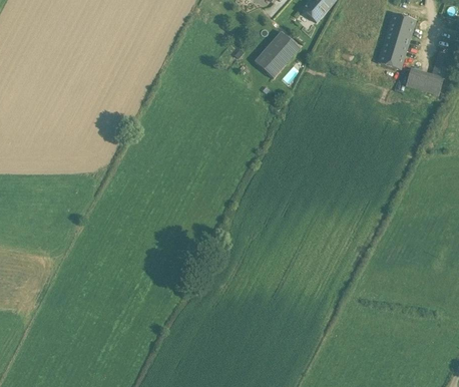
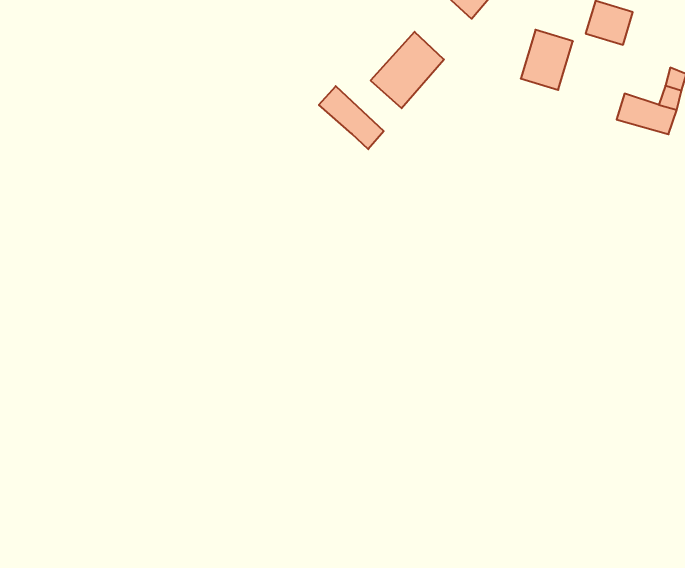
building: [378,32,410,69] -> [521,30,573,90]
building: none -> [319,86,384,149]

